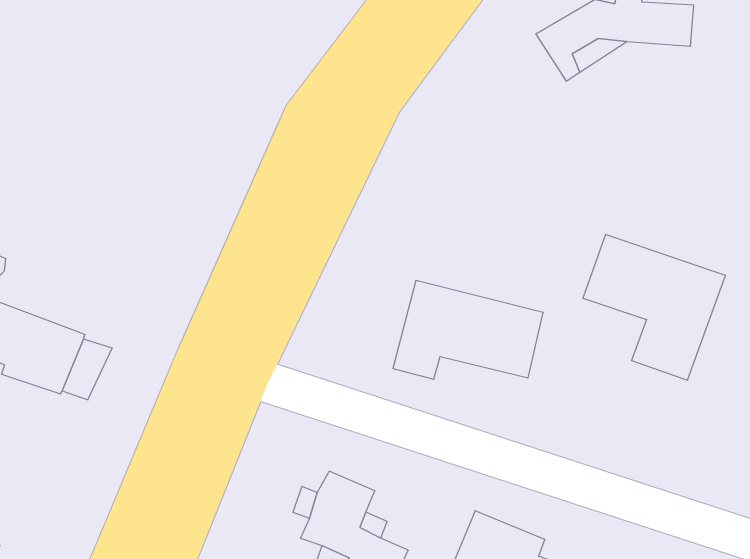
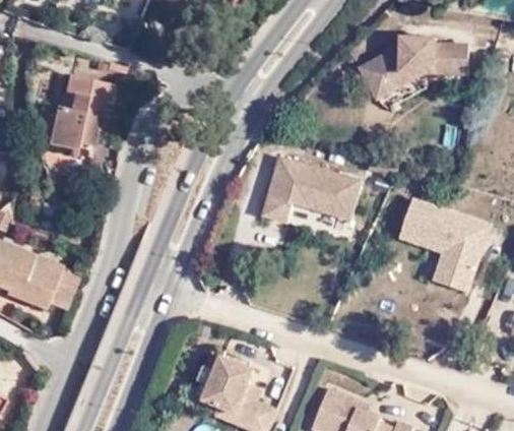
building: none -> [42,72,101,147]
building: [393,281,543,379] -> [262,157,363,223]

